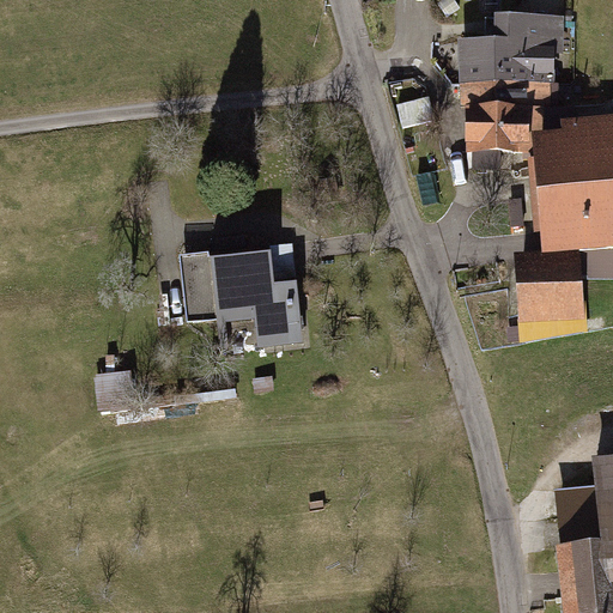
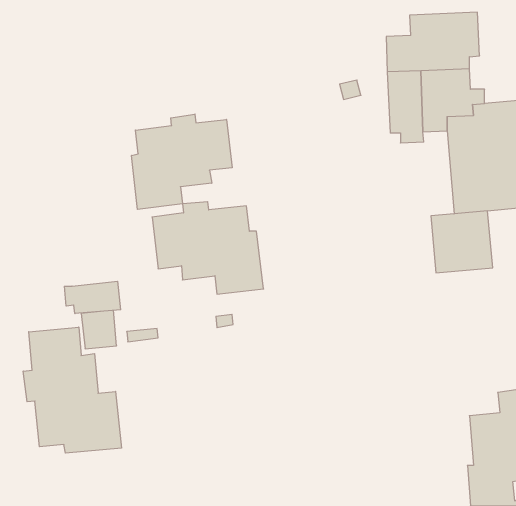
building: none -> [132,114,232,209]
building: none -> [64,281,121,314]
building: none -> [23,327,121,453]

